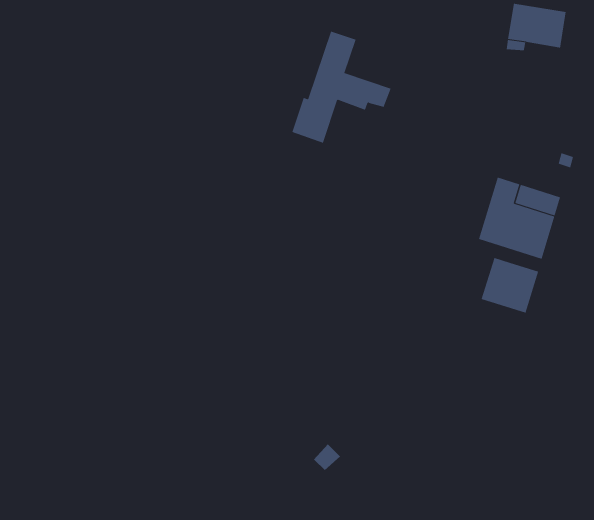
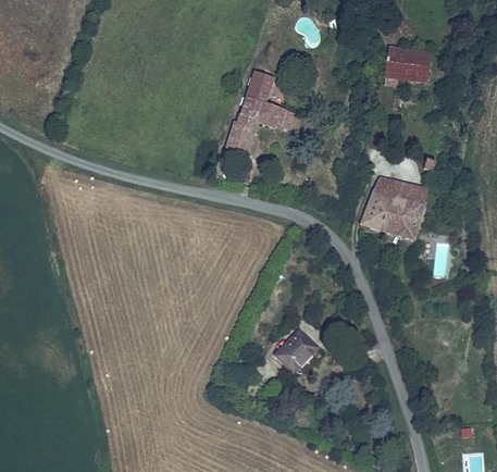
building: [481,257,539,314] -> none
building: none -> [276,333,314,372]

